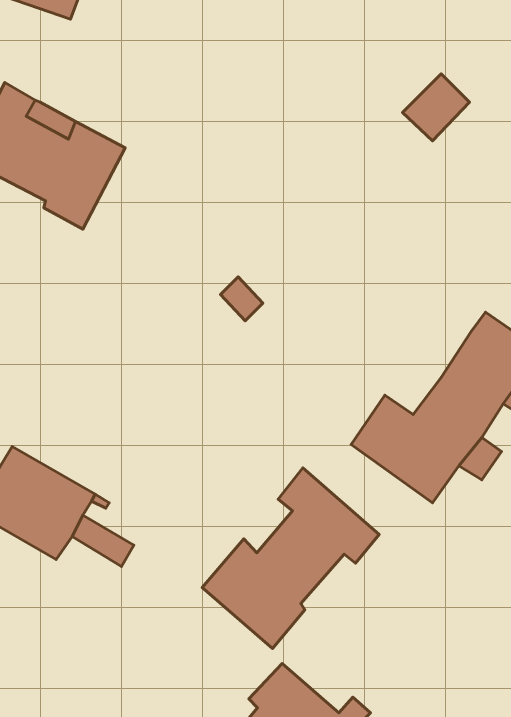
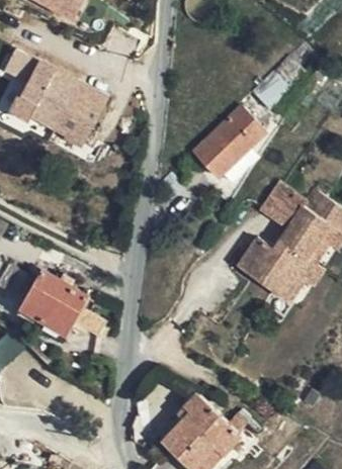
building: none -> [193,105,264,176]
building: none -> [260,184,305,228]
building: [202,468,379,649] -> none

